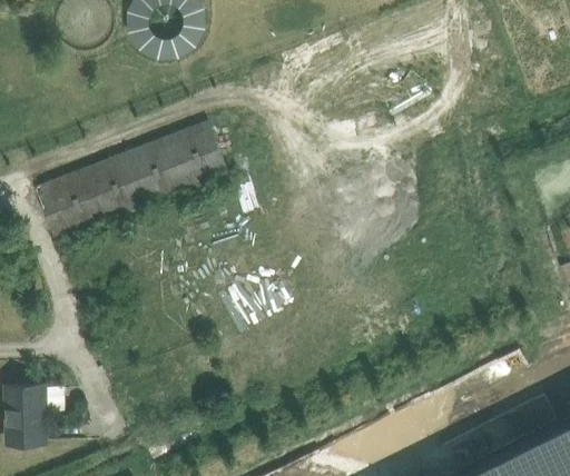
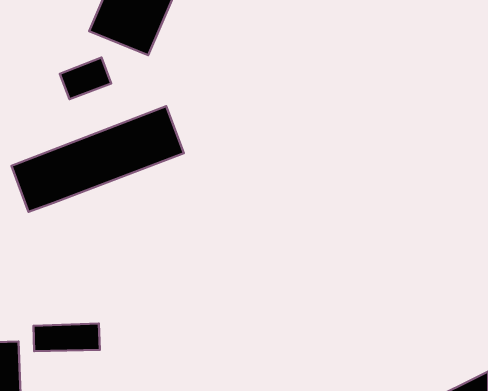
building: none -> [60,58,111,99]
building: none -> [33,324,100,351]

